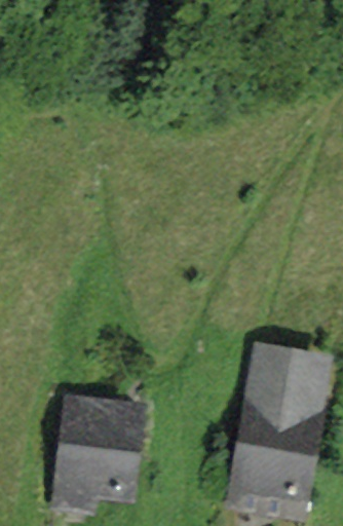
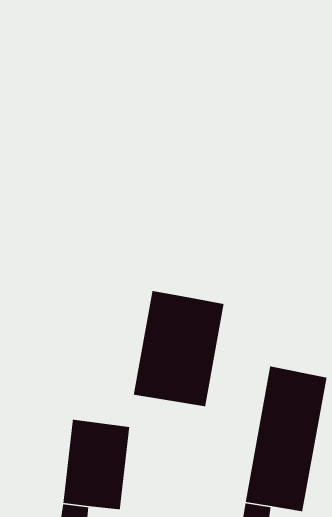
building: none -> [133,290,224,407]

